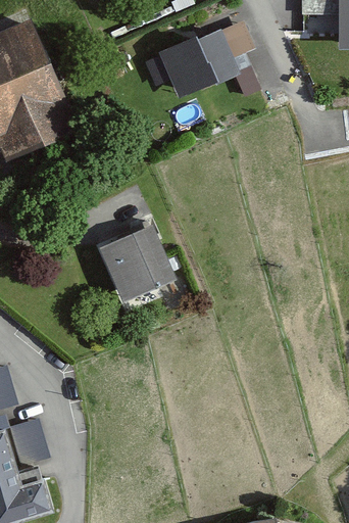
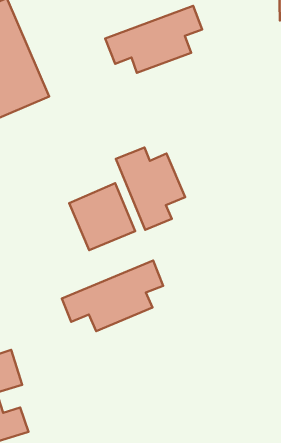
building: none -> [116,147,185,230]
building: none -> [62,260,163,331]

